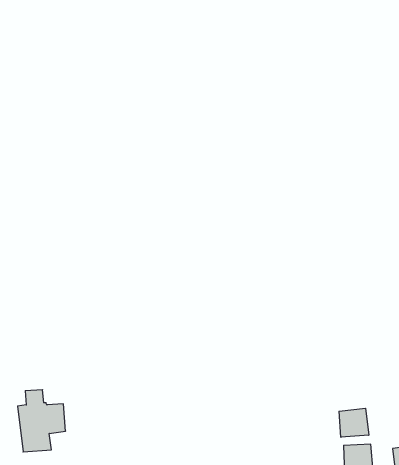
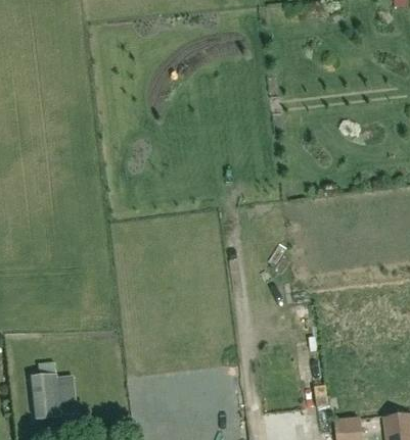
building: [339,408,369,437] -> none

